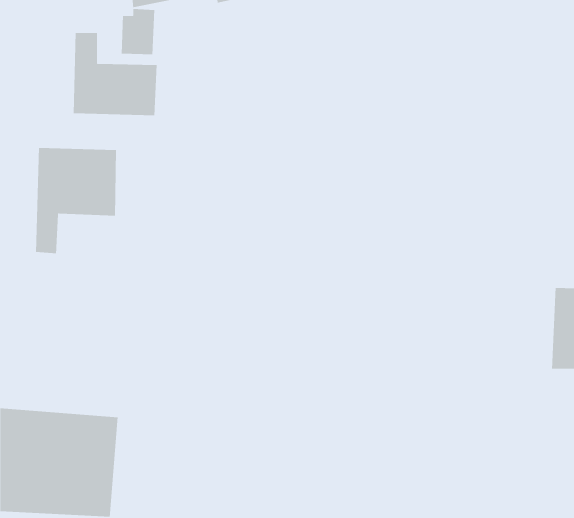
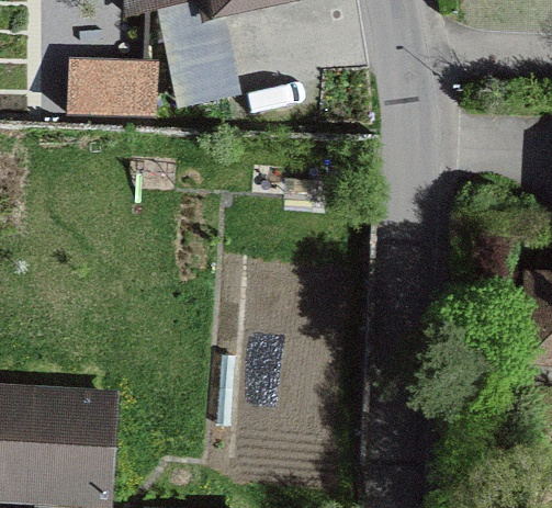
building: [35,147,117,254] -> none

